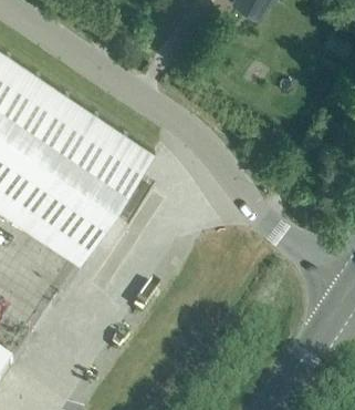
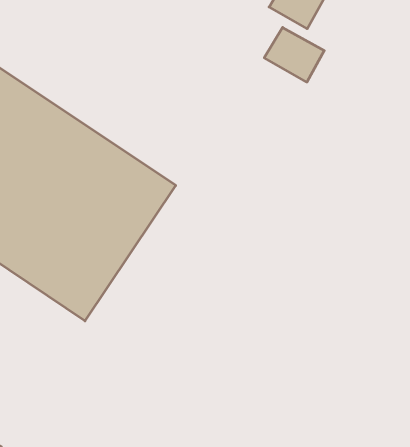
building: none -> [264,27,324,82]

